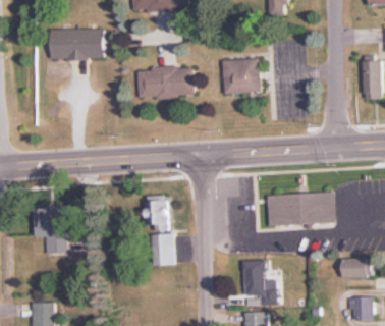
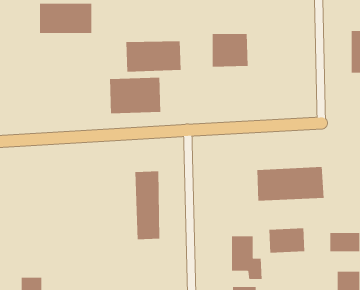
building: none -> [109,77,161,114]
building: [36,210,67,254] -> none
building: none -> [269,228,305,253]

